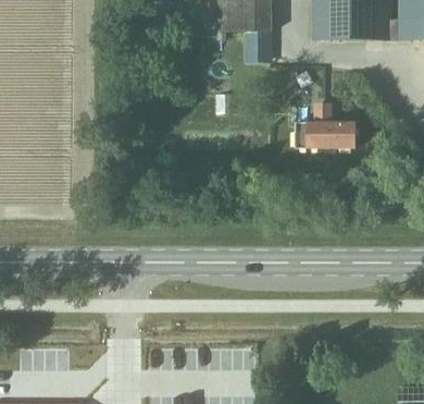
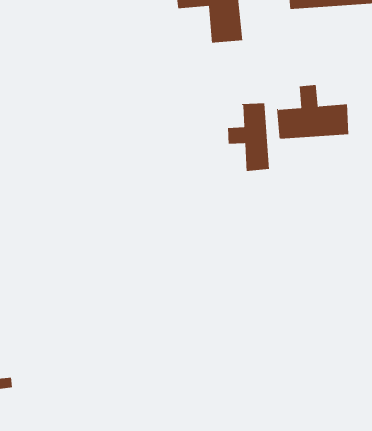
building: none -> [227,102,269,172]

